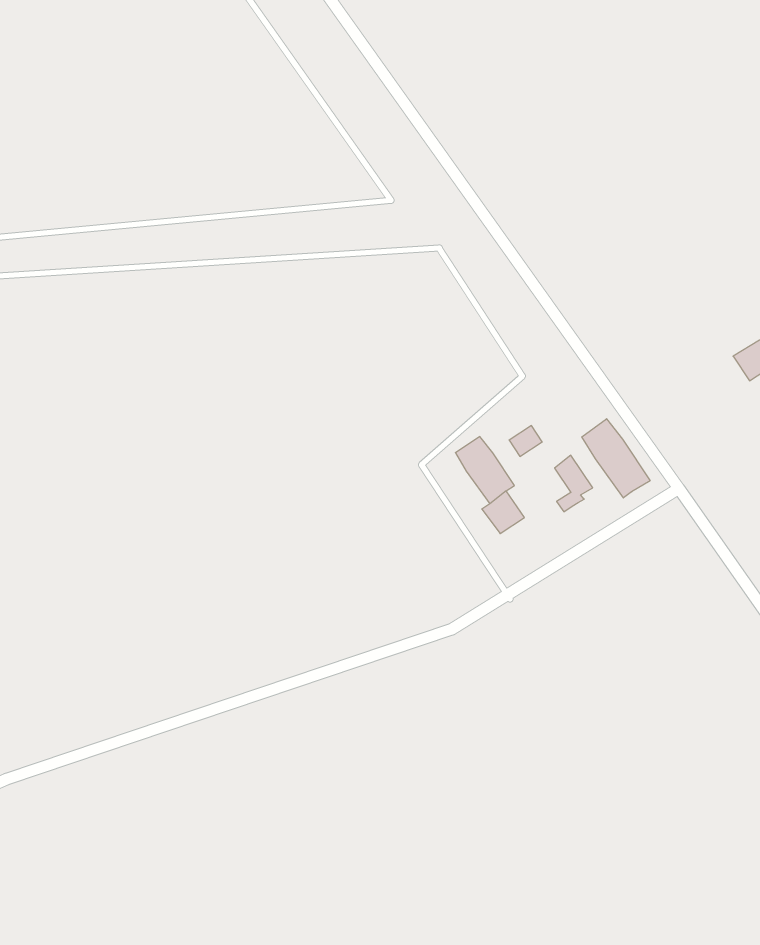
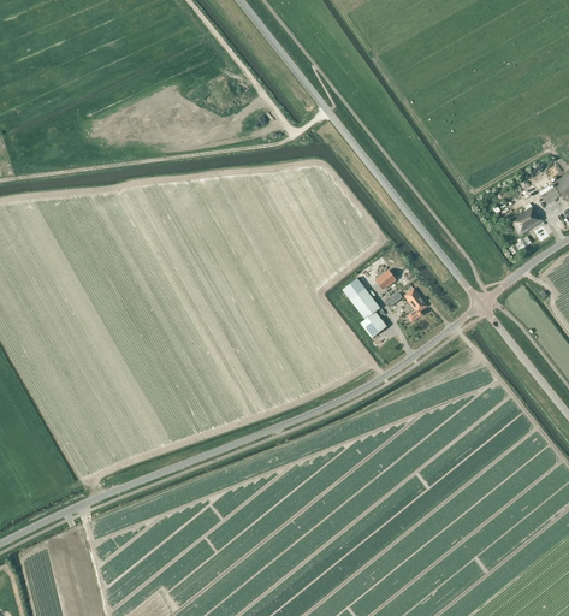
building: [582,419,650,498] -> none

